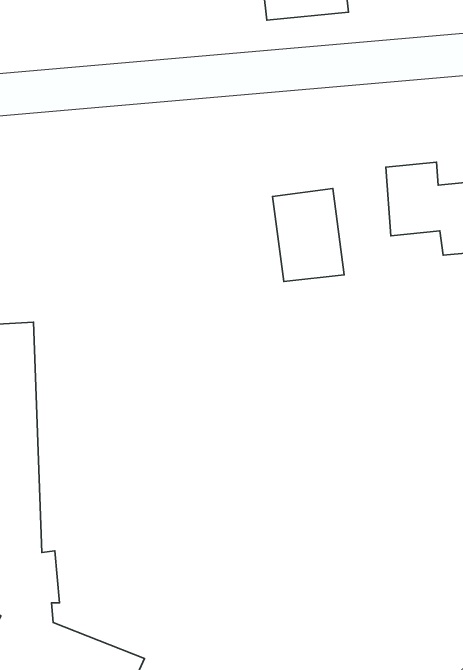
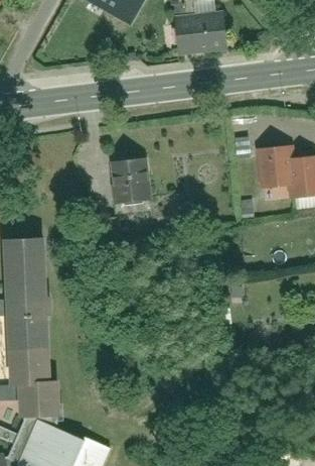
building: [272,188,344,281] -> [107,155,151,213]

